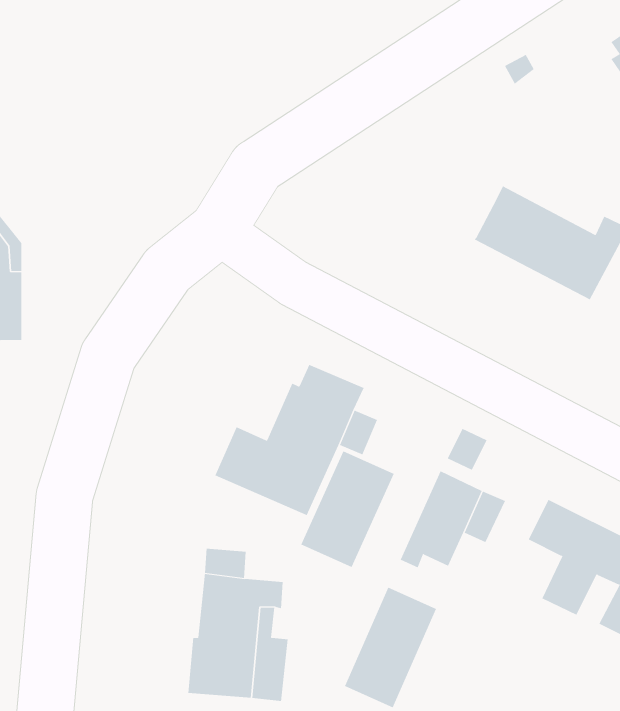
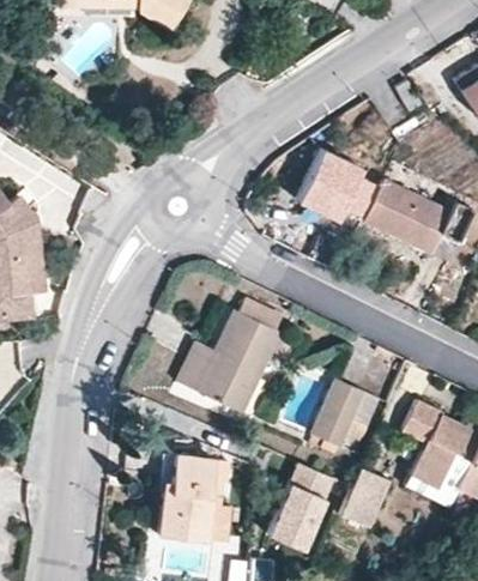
building: none -> [294,147,376,216]
building: [300,451,395,568] -> none
building: none -> [339,470,393,531]

